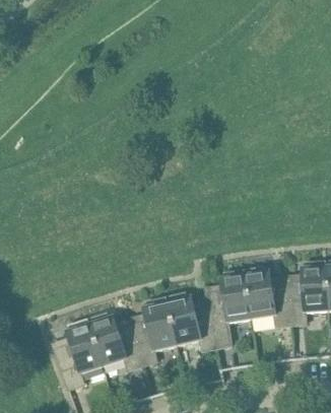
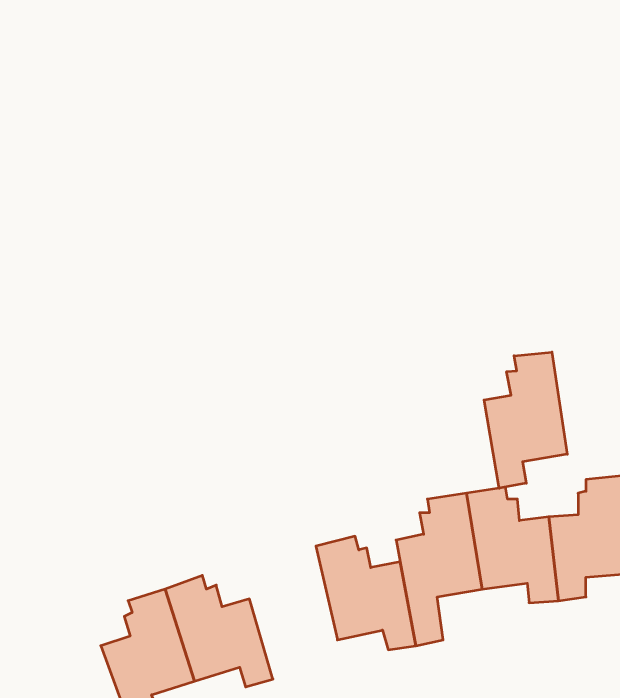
building: none -> [484,352,567,488]
building: [131,298,177,367] -> none

